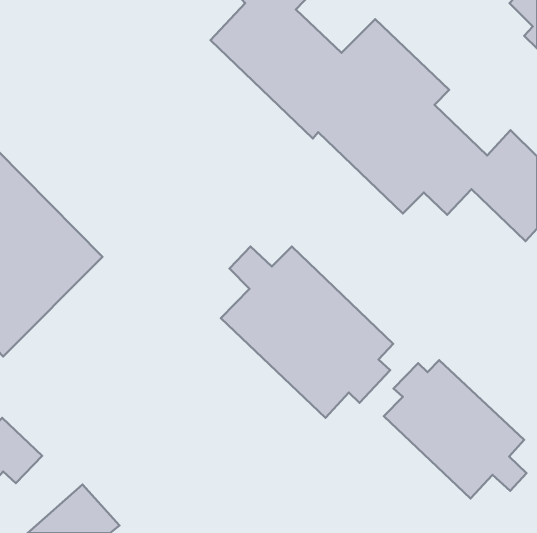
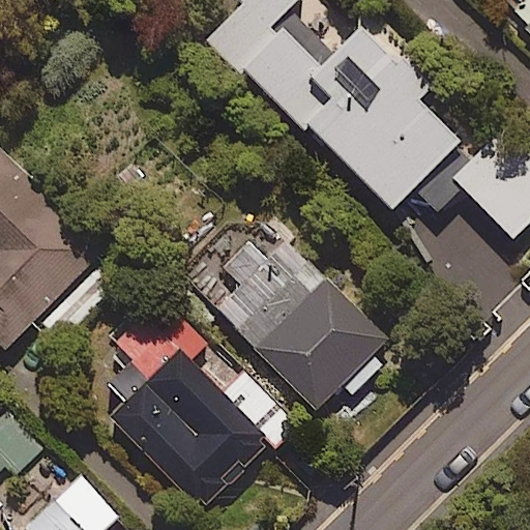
building: none -> [111,314,296,514]
building: [384,360,527,499] -> none

